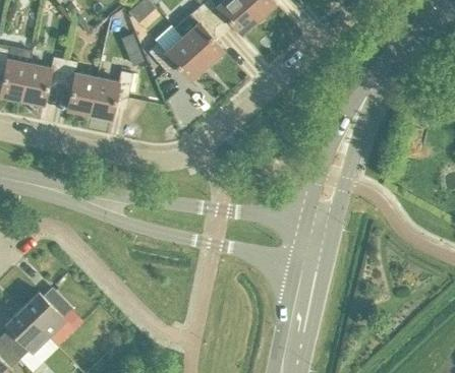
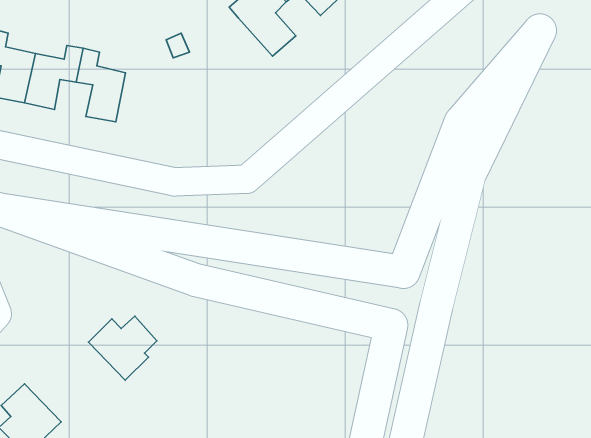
building: [149,37,207,80] -> none
building: [90,71,133,119] -> none
building: [21,290,72,337] -> [89,316,157,380]

